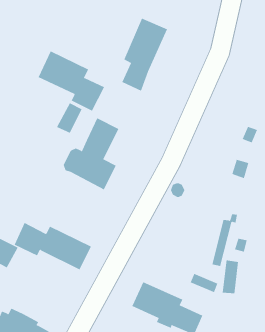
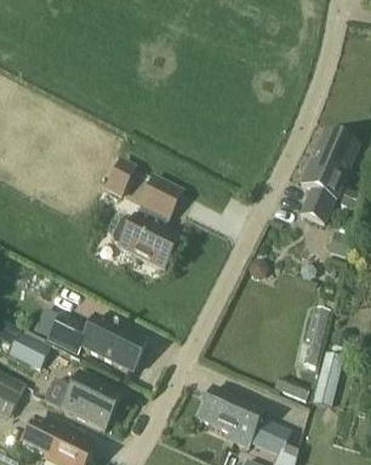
building: [122,18,168,91] -> [299,130,359,224]
building: [38,50,105,112] -> none
building: none -> [45,371,122,429]

